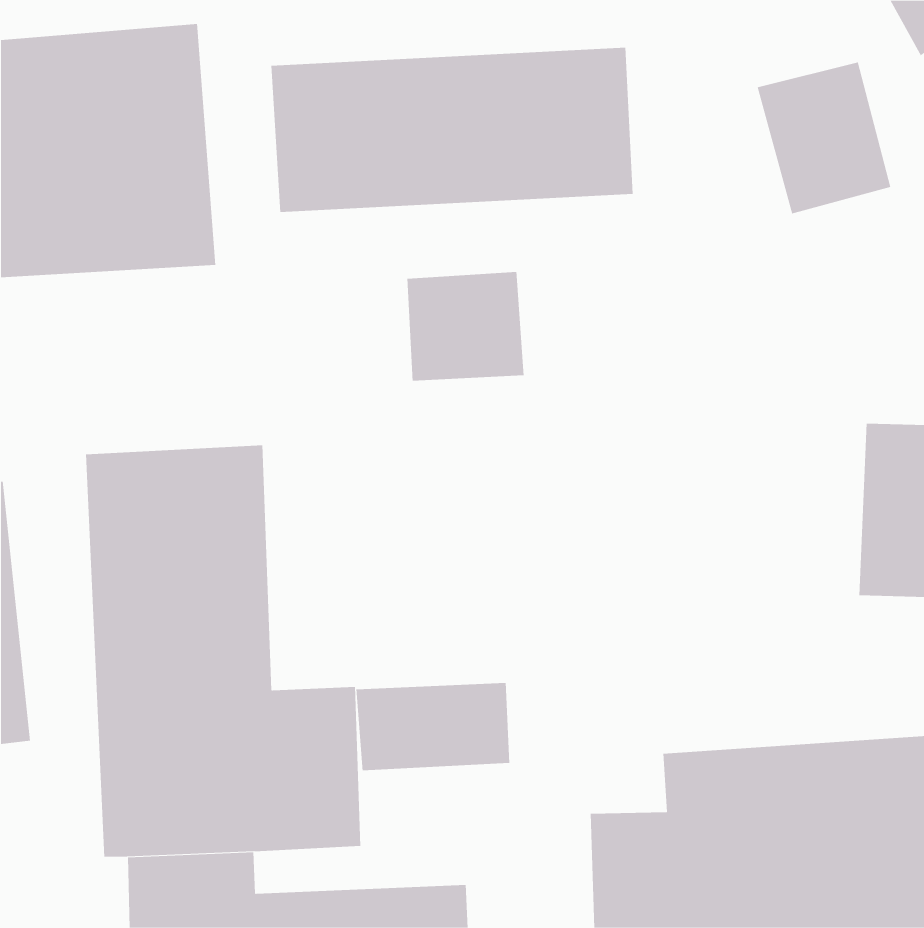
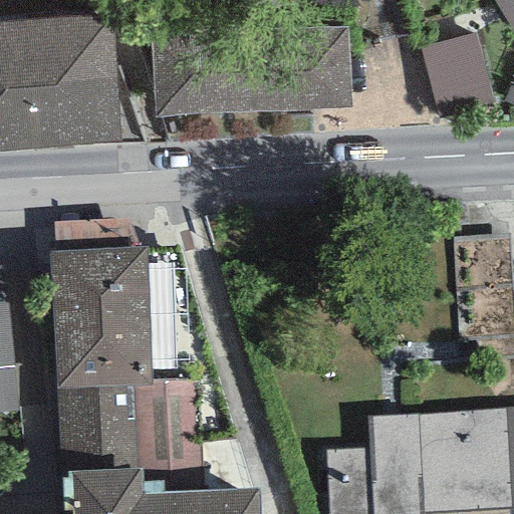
building: [407,271,524,381] -> none
building: [356,682,510,771] -> none

